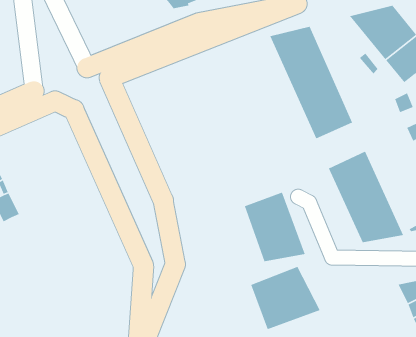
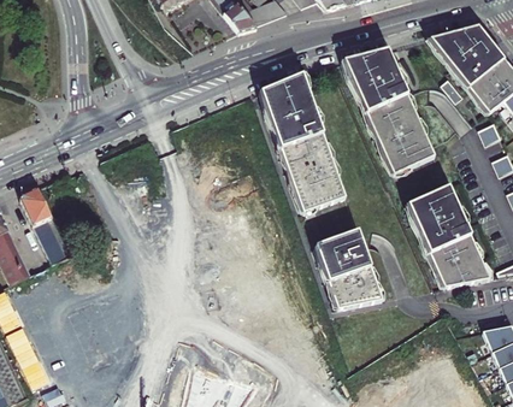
building: none -> [260,73,346,211]
building: [250,266,321,330] -> none

